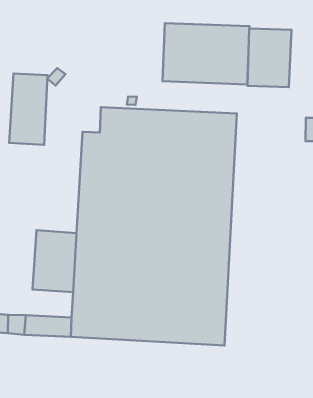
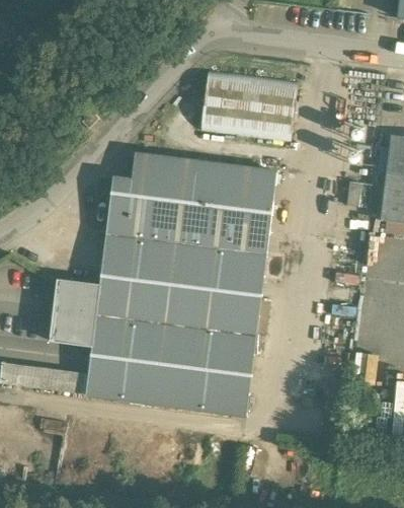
building: [247,28,292,87] -> none
building: [9,73,47,145] -> none

